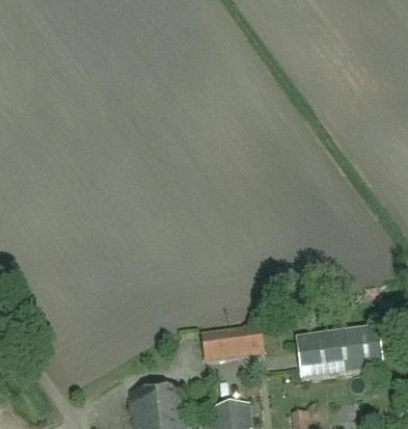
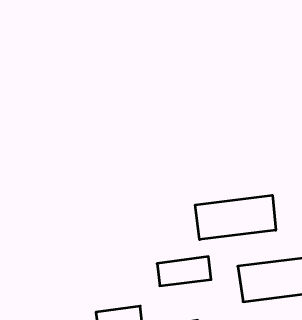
building: none -> [195,195,276,240]

